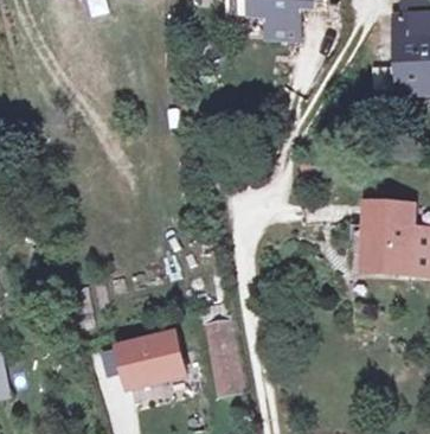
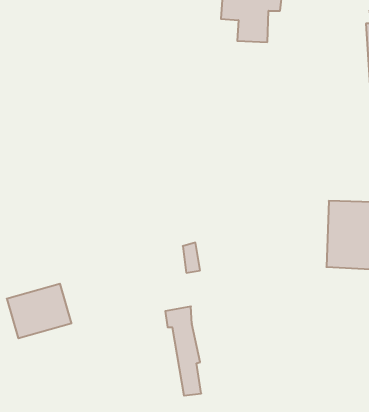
building: [109,328,175,384] -> [7,284,72,338]

